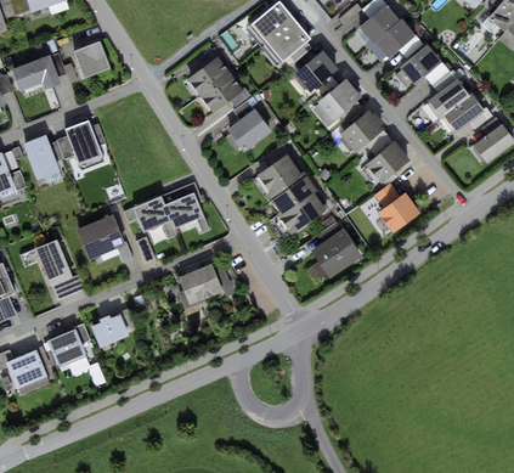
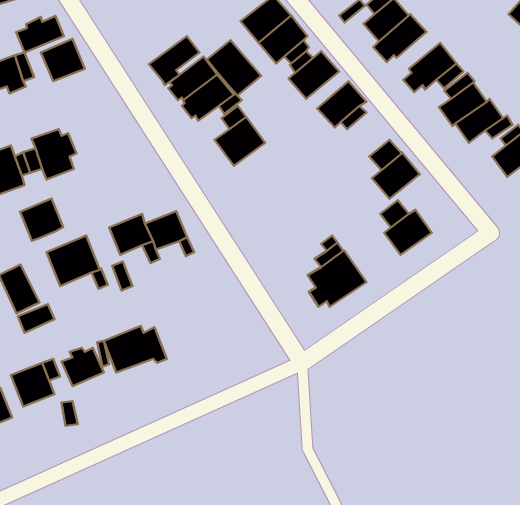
building: none -> [16,16,64,52]
building: none -> [149,36,200,85]
building: none -> [207,40,261,95]
building: [339,111,384,152] -> none
building: [258,154,328,235] -> none
building: none -> [20,198,63,241]
building: [177,264,233,305] -> [104,326,167,372]

